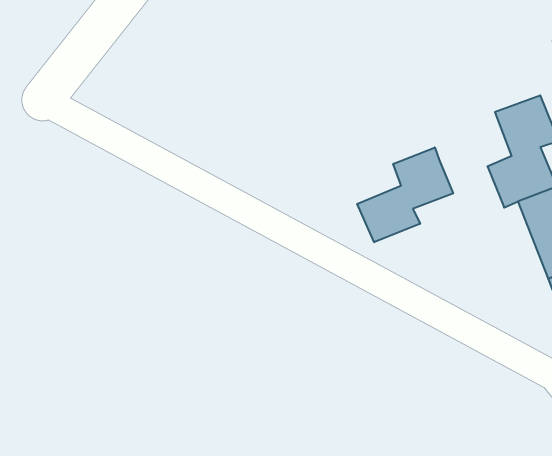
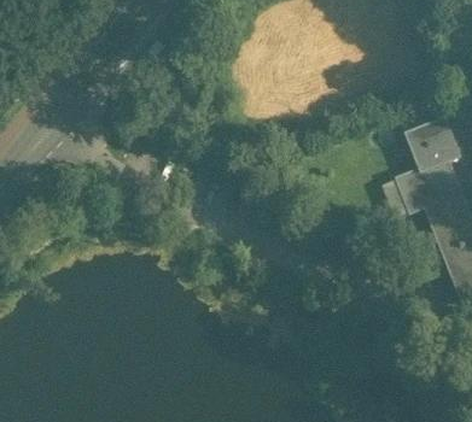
building: [357,147,453,242] -> none

